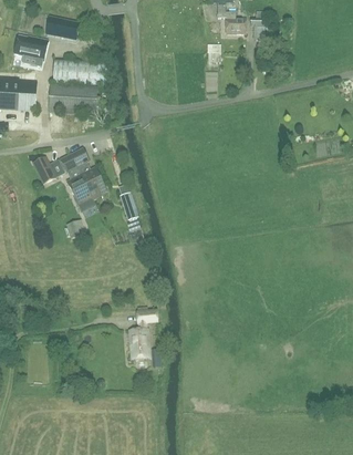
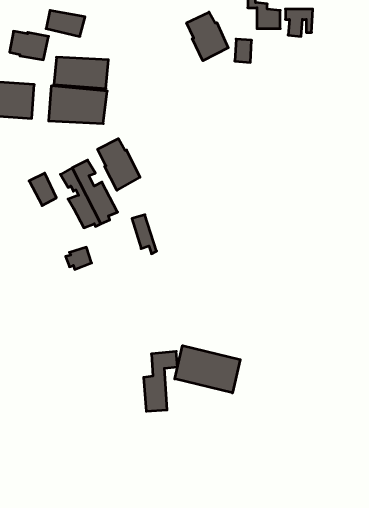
building: none -> [187,12,228,61]
building: none -> [98,139,140,190]
building: none -> [175,346,240,393]

